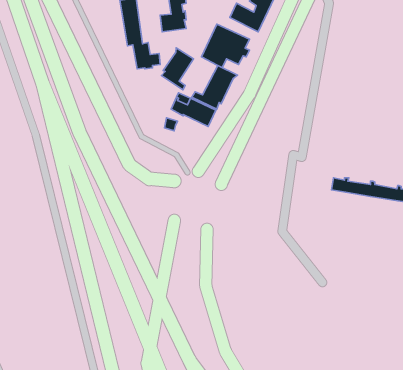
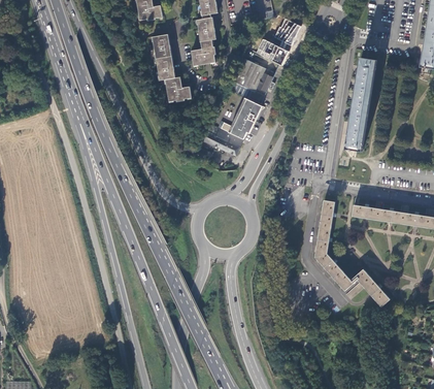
building: none -> [344,58,376,152]
building: [161,48,193,90] -> none
building: none -> [314,200,388,305]

